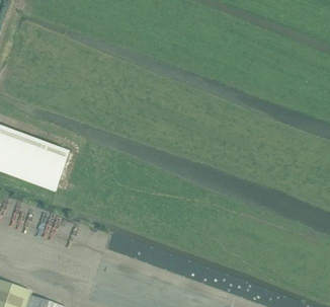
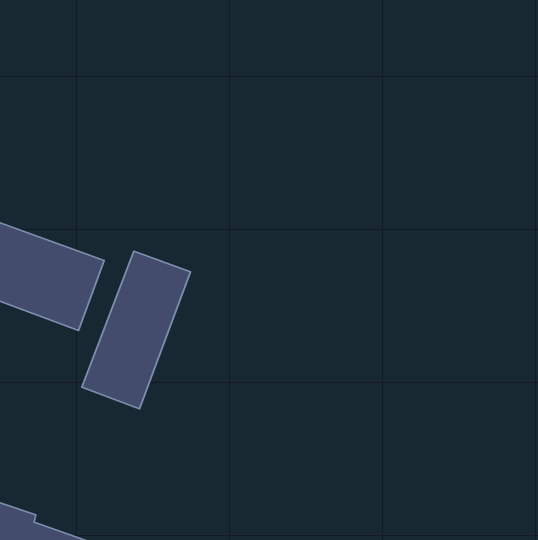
building: none -> [82,251,190,409]

